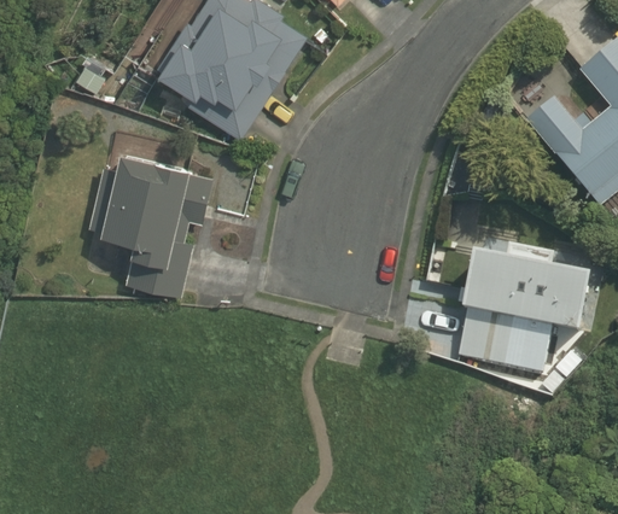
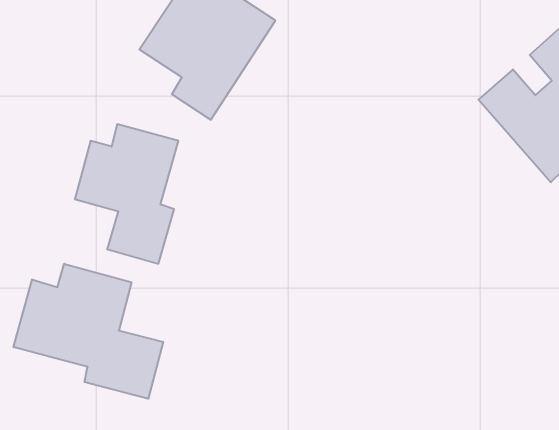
building: [460,250,604,375] -> none
building: none -> [14,264,163,399]

